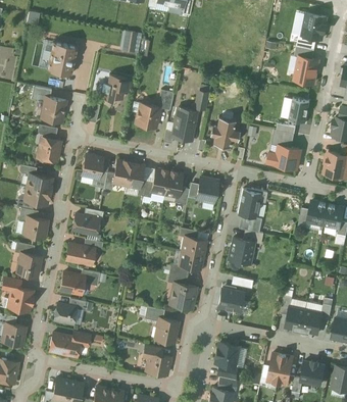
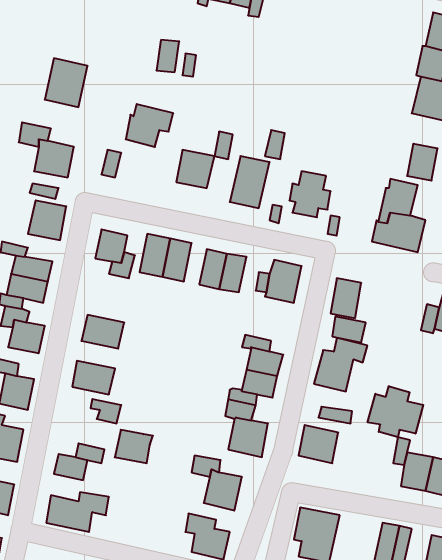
building: none -> [368,386,423,437]
building: [58,272,84,295] -> [115,430,153,463]

